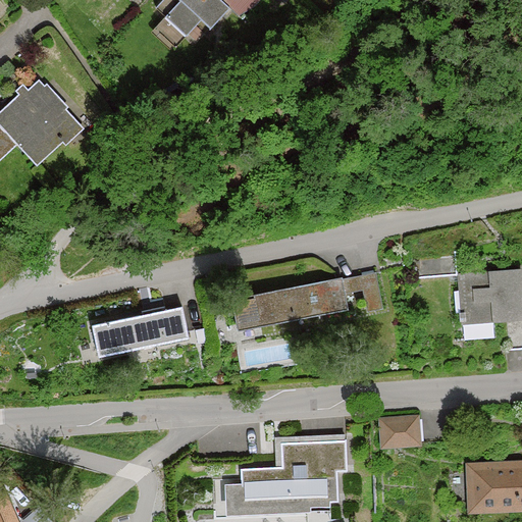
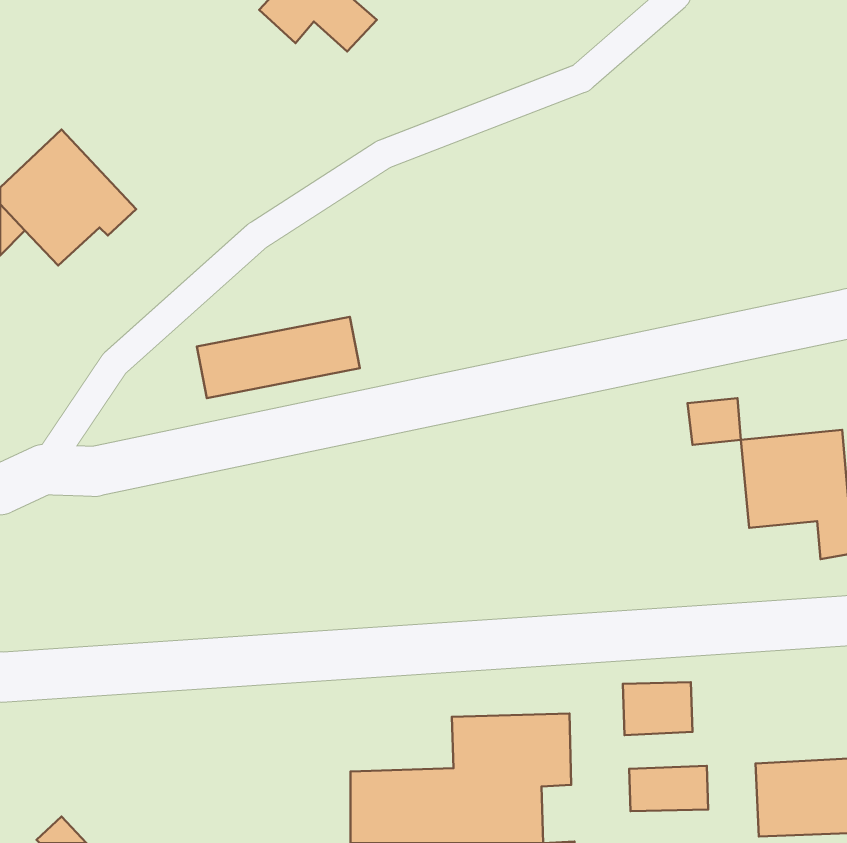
building: [255,268,383,329] -> none
building: [90,304,190,354] -> [197,317,360,398]
building: none -> [629,766,708,811]

